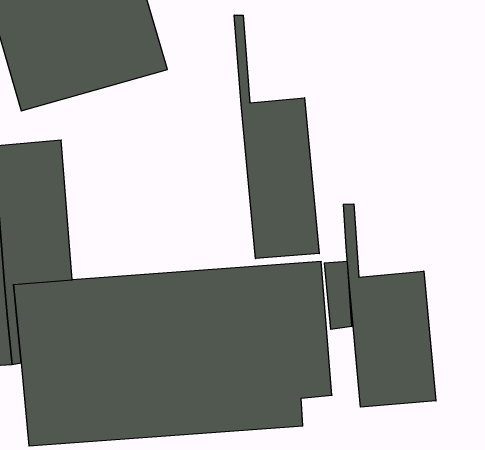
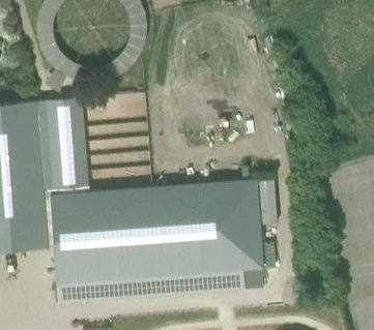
building: [234,15,319,259] -> none
building: [343,204,436,407] -> none

